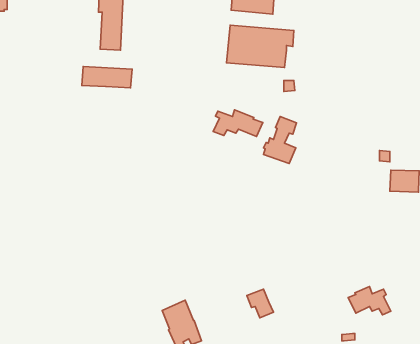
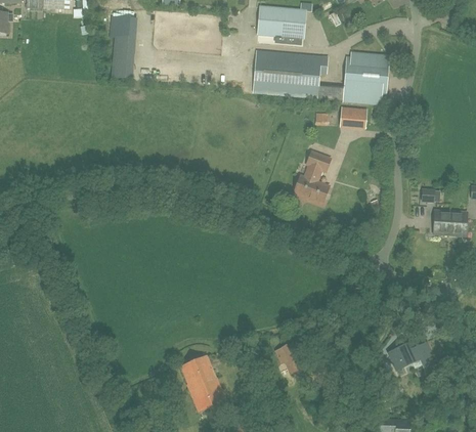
building: none -> [342,53,387,104]
building: [82,67,132,88] -> none
building: none -> [340,107,366,128]
building: [213,110,263,137] -> none

